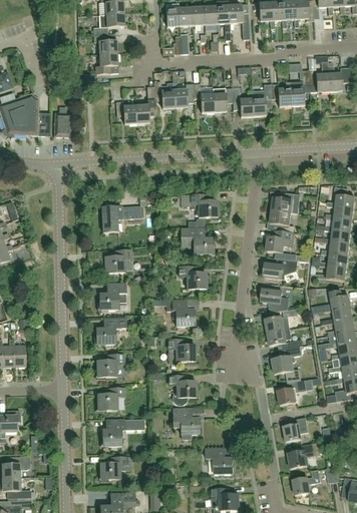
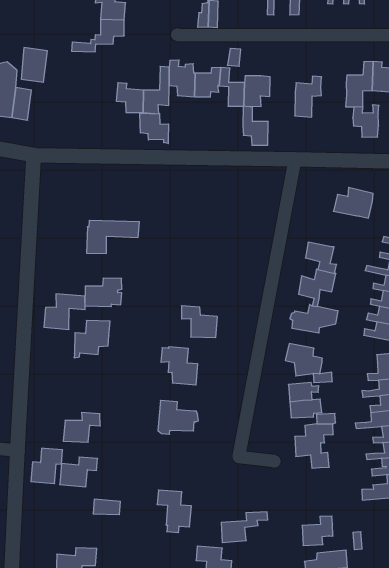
building: [271,81,291,106] -> [353,105,379,137]
building: [232,87,253,116] -> [243,106,268,145]
building: [54,111,72,136] -> [21,48,47,82]
building: none -> [140,113,169,144]
building: [271,191,300,213] -> [333,187,373,218]
building: [182,194,218,216] -> none
building: [181,226,213,253] -> none
building: [96,318,126,344] -> [44,294,85,329]
building: [168,376,197,405] -> none
building: [278,379,313,405] -> [221,512,268,543]
building: [102,419,124,445] -> [31,448,63,484]

